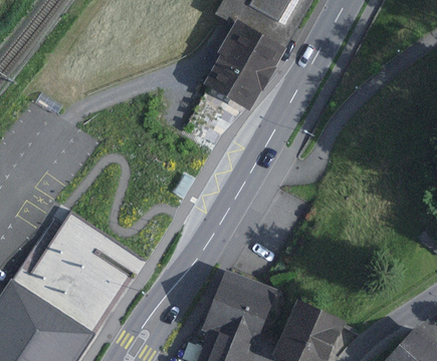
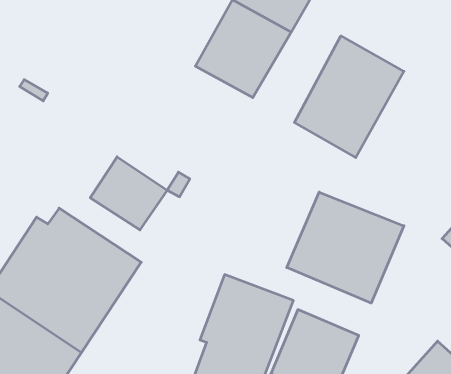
building: none -> [294,36,404,158]
building: none -> [90,157,167,230]
building: none -> [287,192,404,303]

